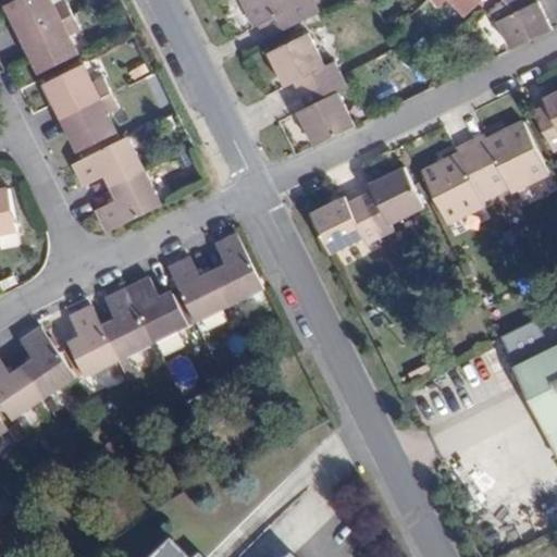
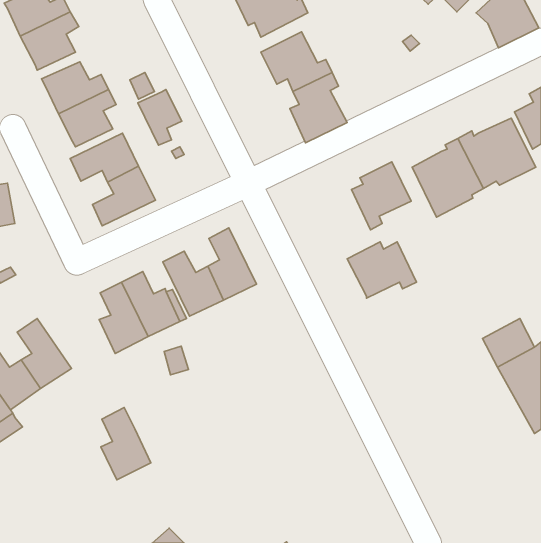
building: none -> [138,89,182,145]
building: [308,194,379,251] -> [347,242,416,298]
building: [66,305,117,379] -> [101,407,151,480]

